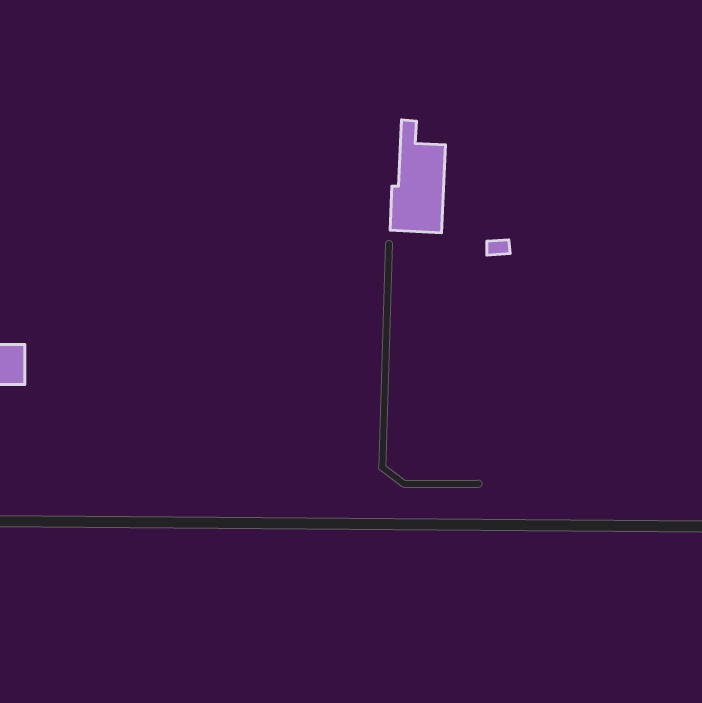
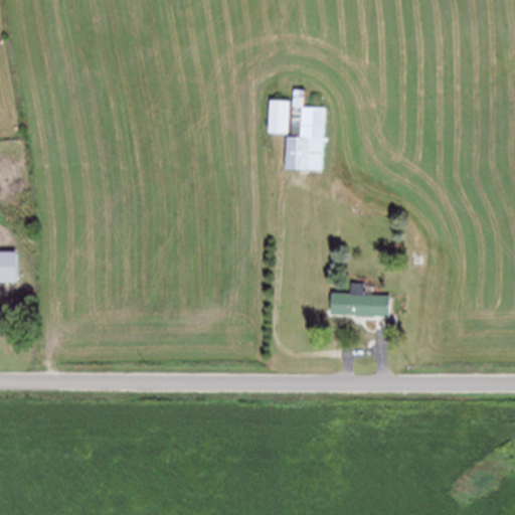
building: none -> [268,99,289,132]
building: none -> [332,283,388,316]

